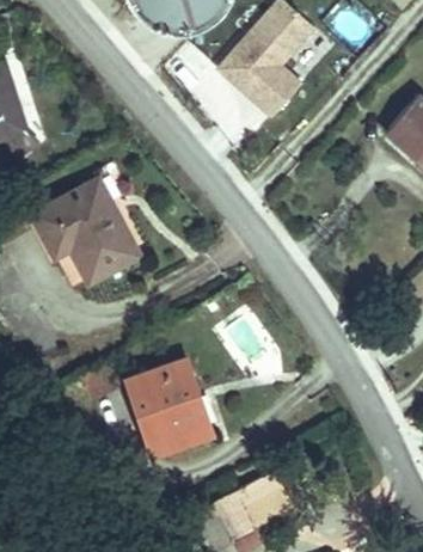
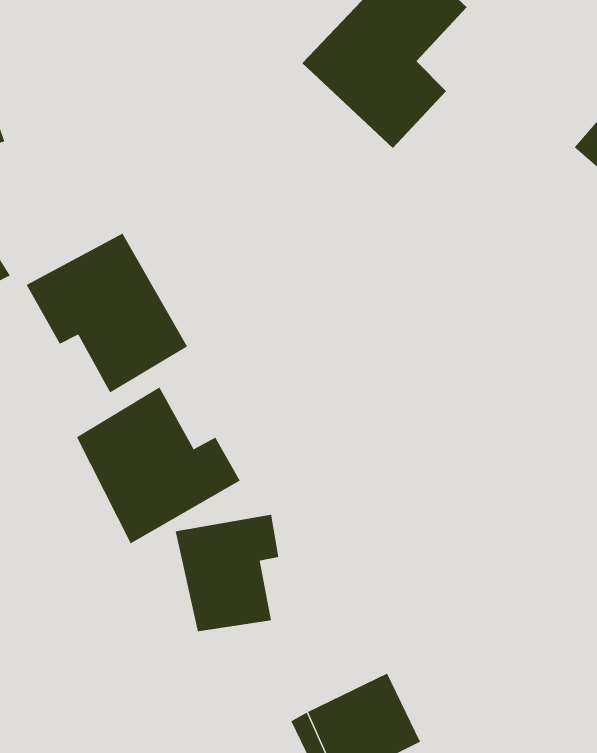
building: none -> [76,387,241,544]

